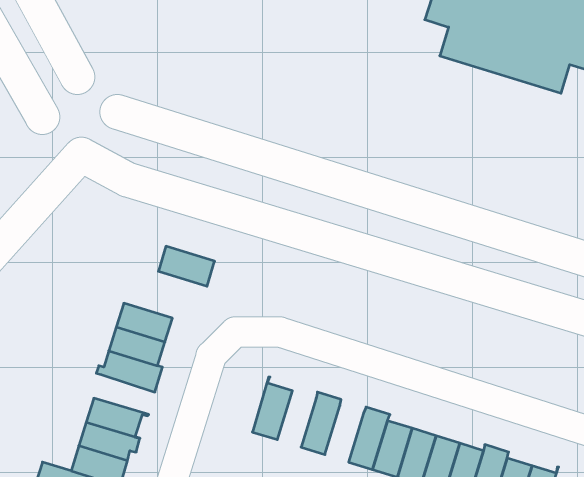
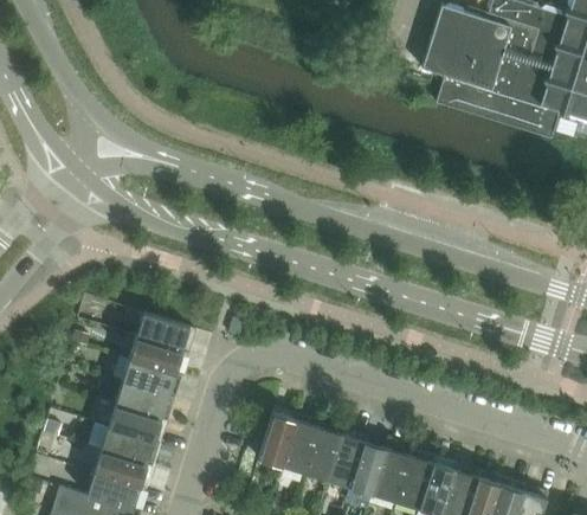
building: [158,246,215,286] -> [136,314,189,352]
building: none -> [105,405,166,443]
building: none -> [282,420,318,474]
building: none -> [327,434,363,488]

